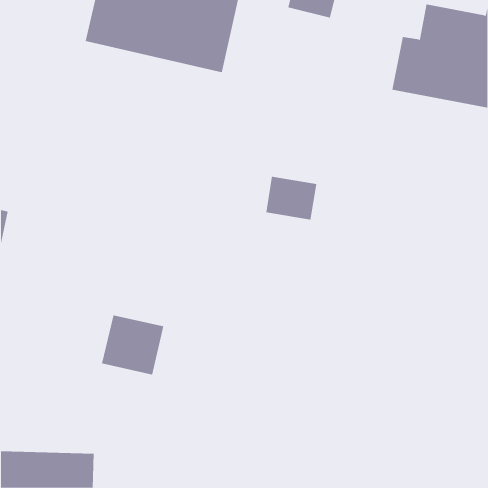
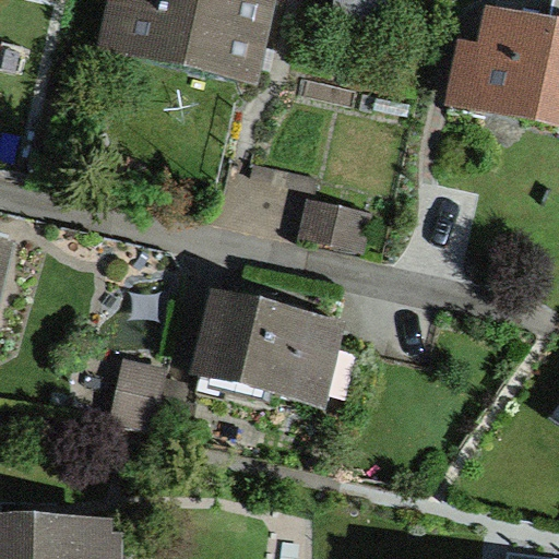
building: none -> [189,286,344,411]

